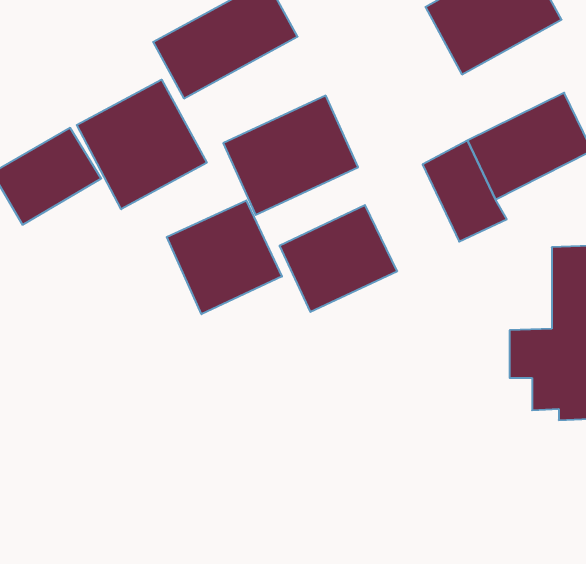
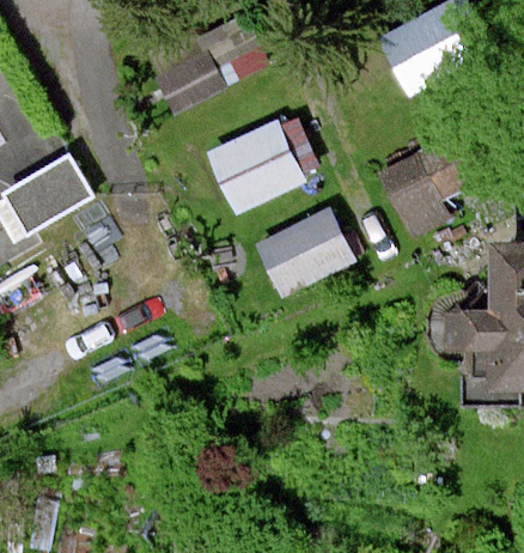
building: [77,80,207,209] -> none
building: [167,200,282,314] -> none

